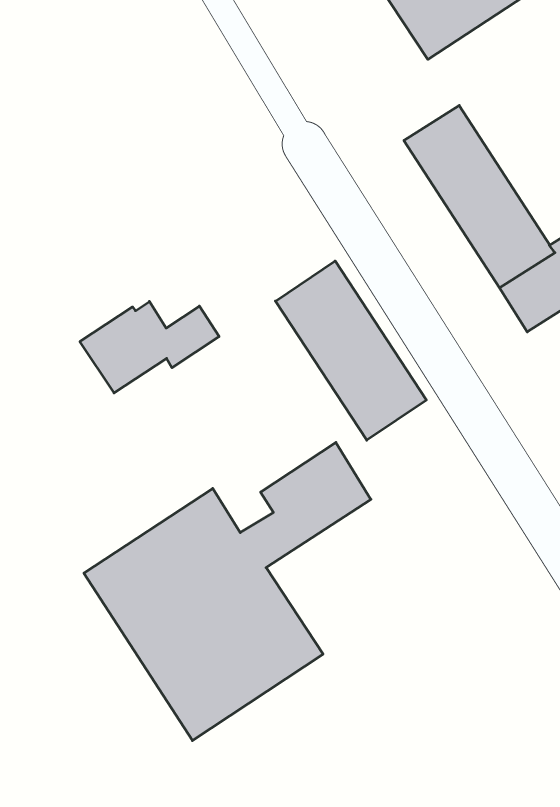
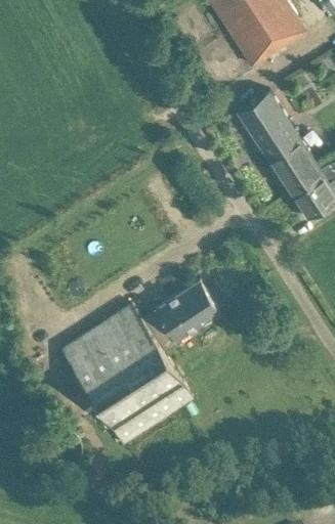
building: [275,261,426,440] -> none
building: [80,301,219,393] -> none

